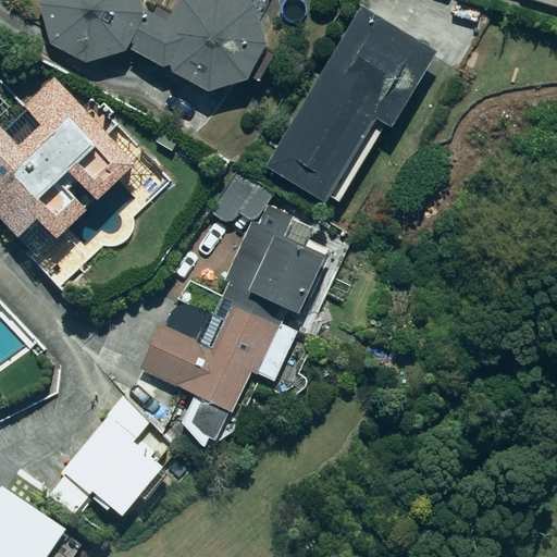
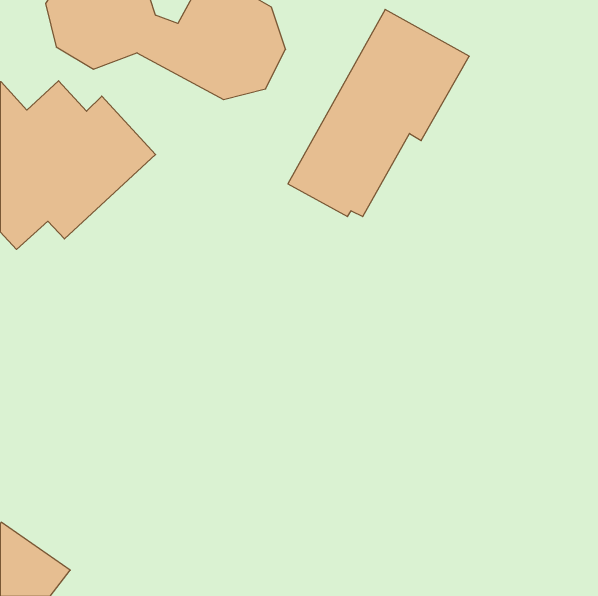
building: [141,205,356,447] -> none
building: [50,396,163,520] -> none

